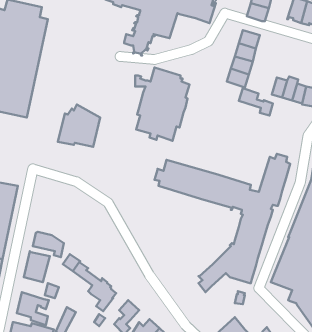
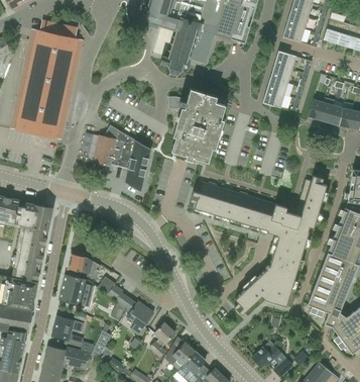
building: [239,88,273,116] -> none
building: none -> [125,139,150,192]

